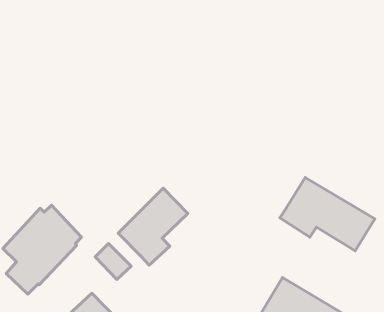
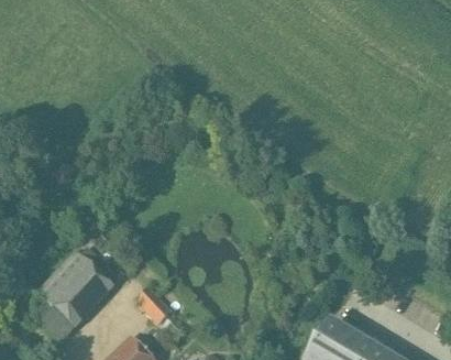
building: [280,177,375,251] -> none
building: [118,188,188,265] -> none

